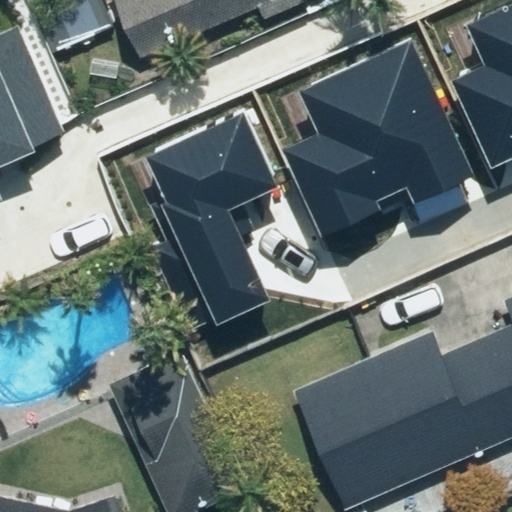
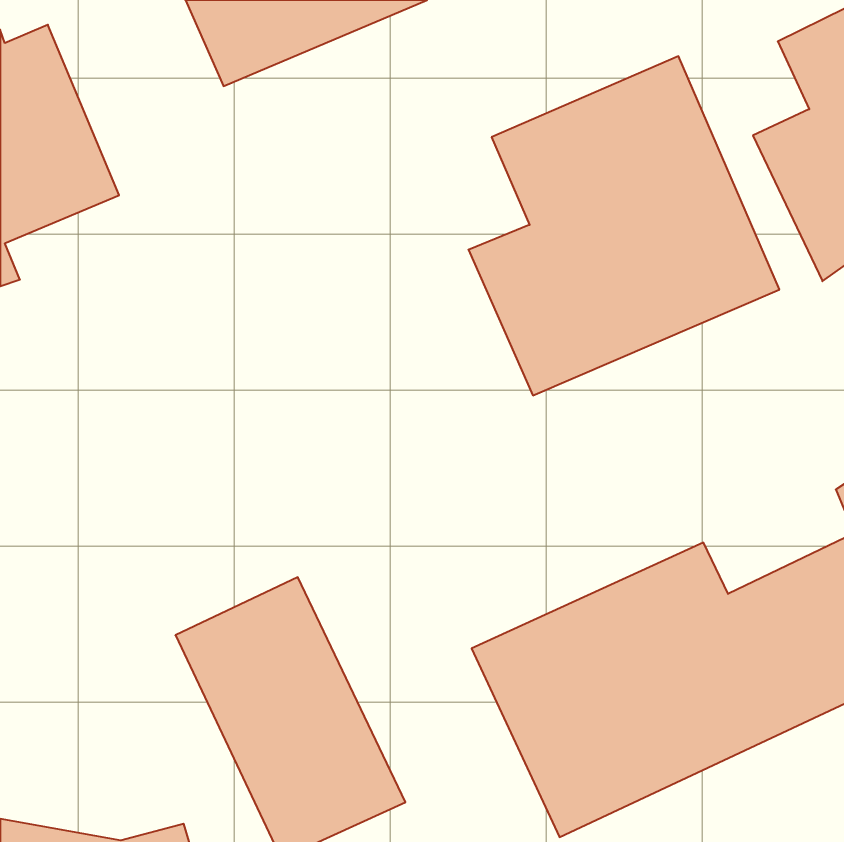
building: [143,118,277,347] -> none

